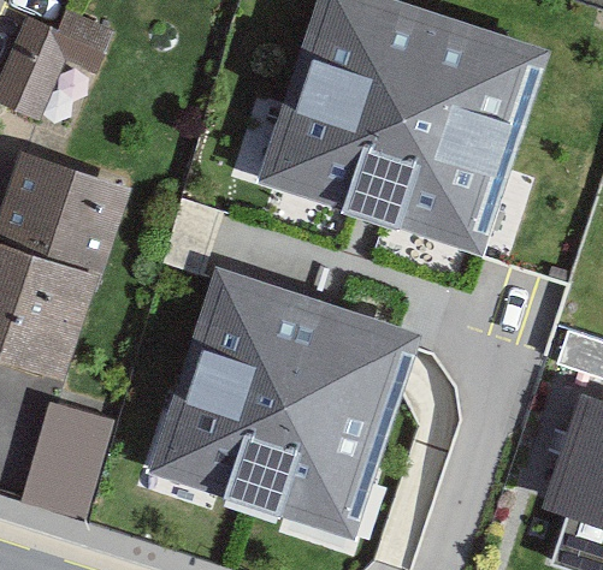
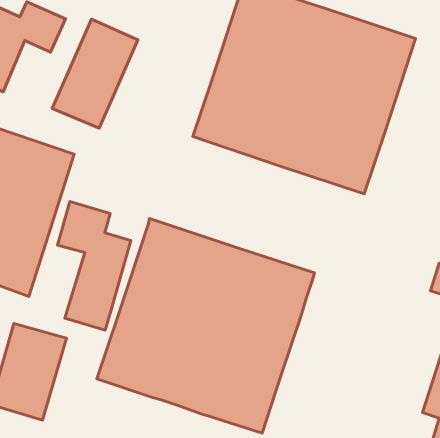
building: none -> [52,19,138,128]
building: none -> [57,202,131,330]

